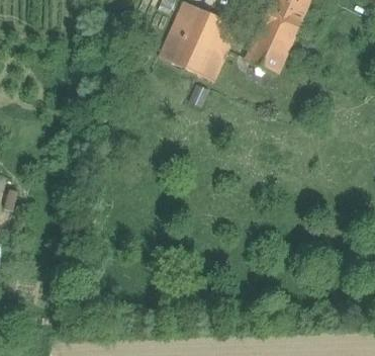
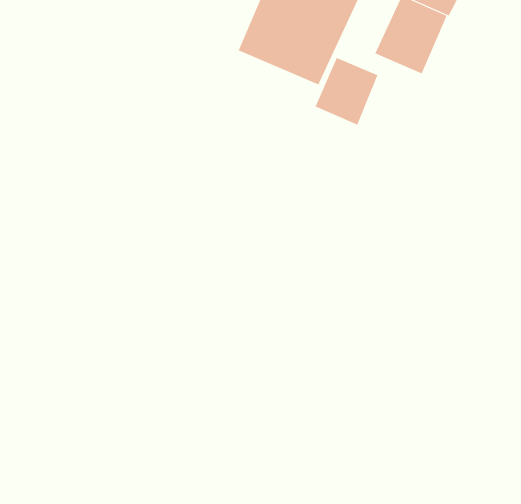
building: none -> [315,57,378,126]

